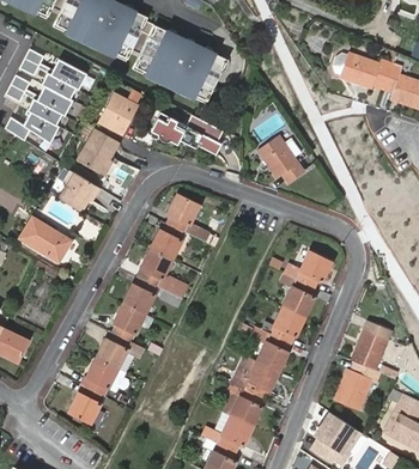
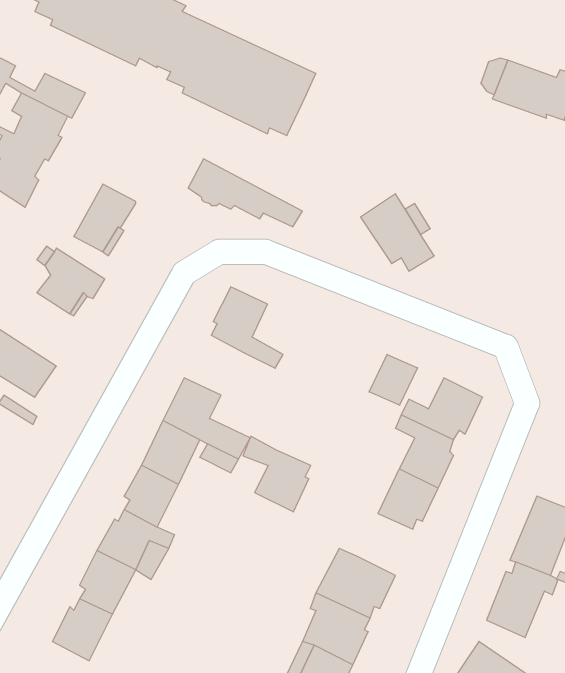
building: [98,92,136,132] -> none
building: [148,221,186,260] -> none
building: none -> [369,354,418,405]
building: [248,324,290,371] -> [243,436,311,512]

